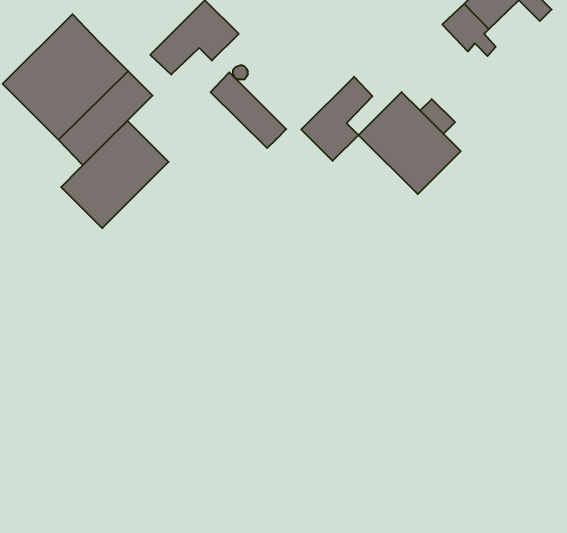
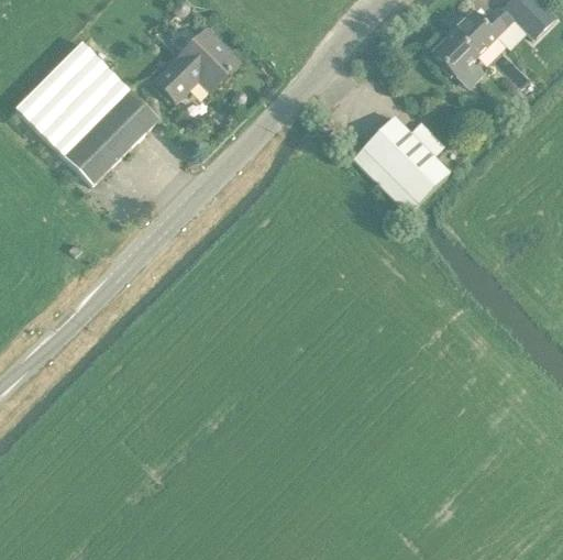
building: [211,72,286,148] -> none
building: [301,77,372,161] -> none
building: [61,121,169,228] -> none

